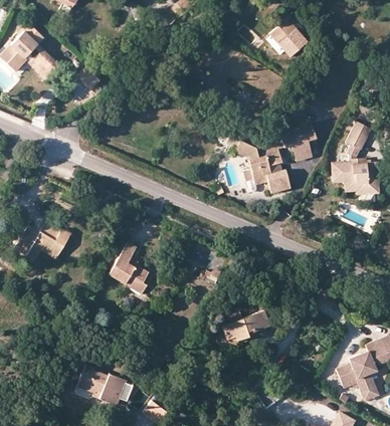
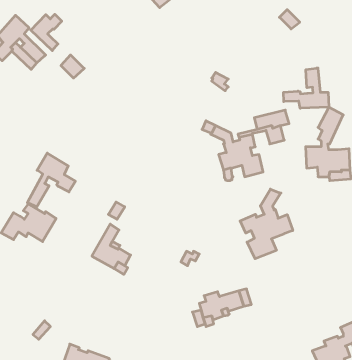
building: [268,15,306,57] -> none
building: none -> [31,14,62,51]
building: none -> [284,68,329,108]
building: none -> [27,153,75,207]
building: none -> [240,189,293,259]

